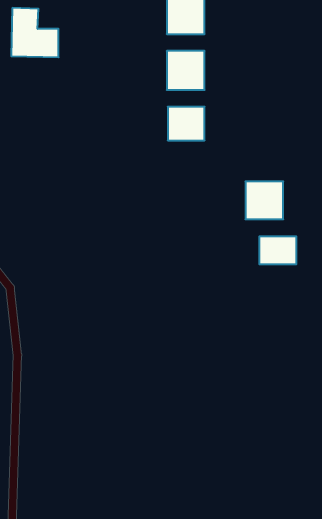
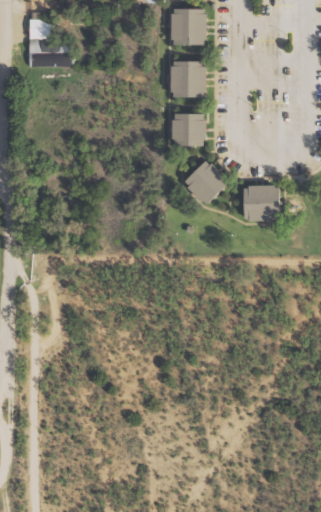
building: none -> [185,160,231,206]
building: [259,236,296,264] -> none

